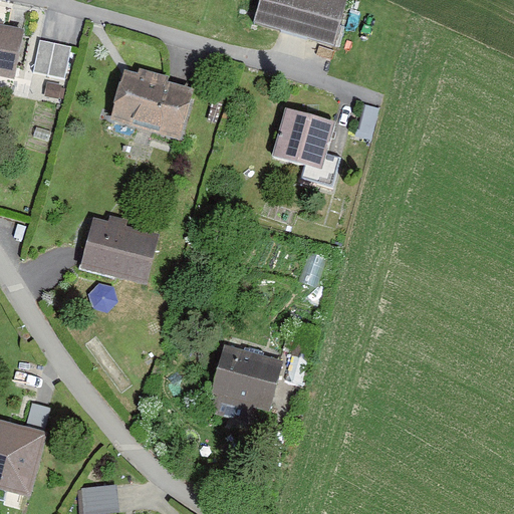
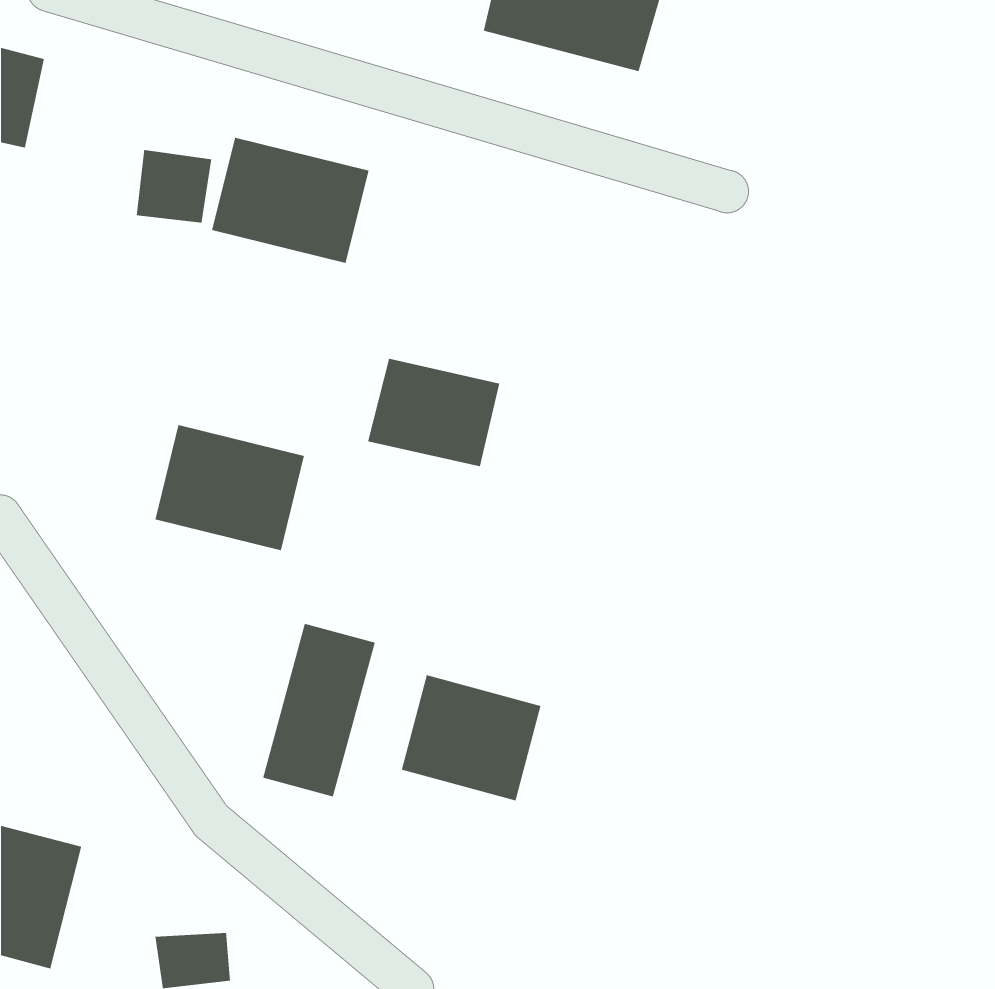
building: [36,34,75,72] -> [136,149,212,223]
building: [264,113,332,170] -> [367,358,500,467]
building: none -> [262,623,376,798]

